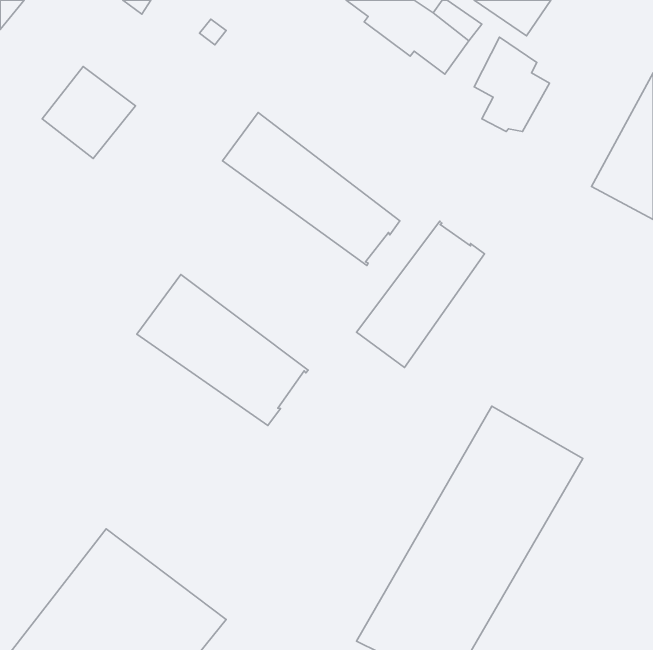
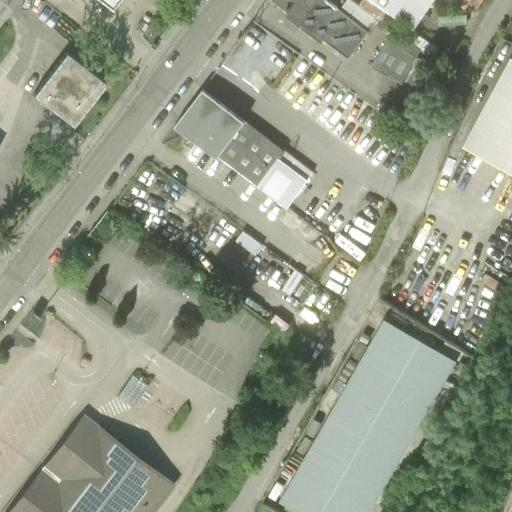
building: [356,221,484,368] -> none
building: [137,274,308,425] -> none

